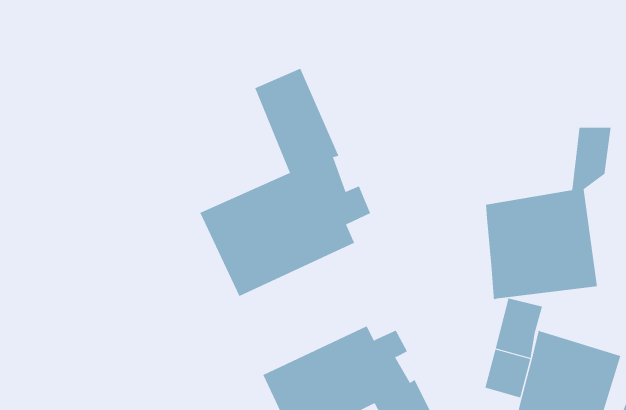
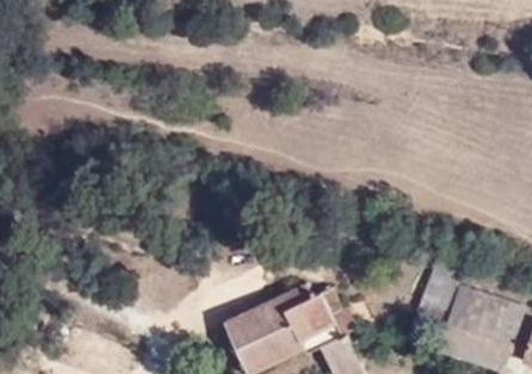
building: [200,68,371,297] -> none
building: [485,127,611,300] -> none

